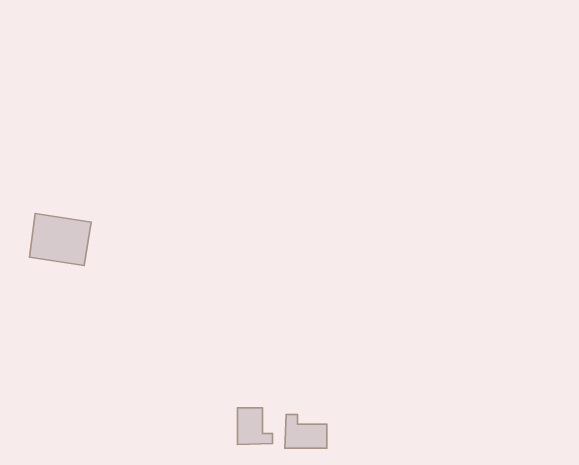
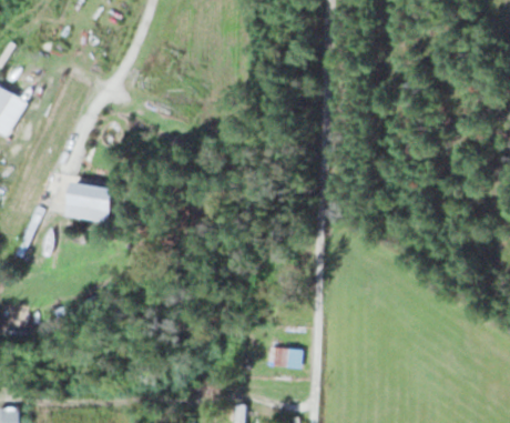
building: [237,408,273,445] -> none

